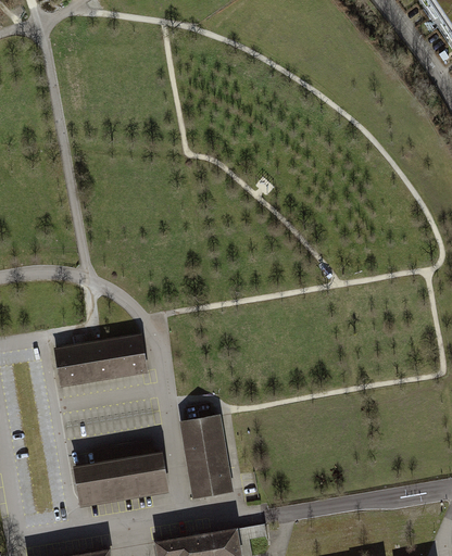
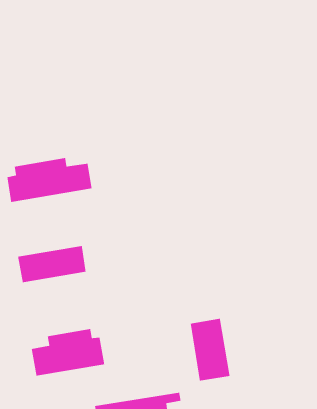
building: none -> [6,157,92,203]
building: [179,416,231,497] -> [190,318,231,382]

